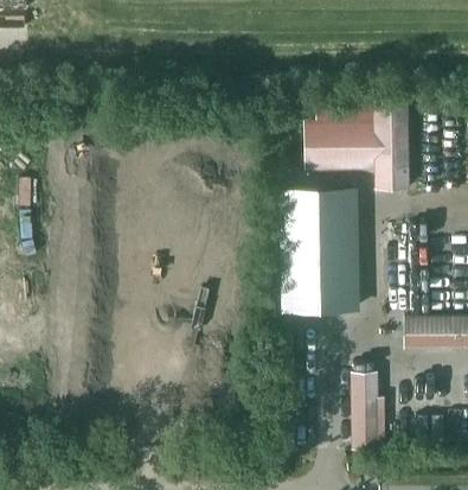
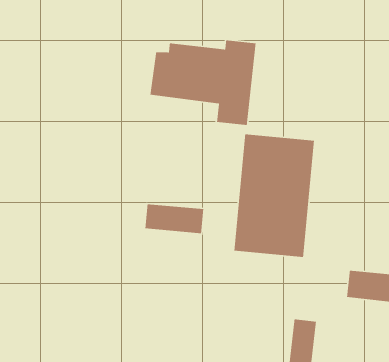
building: [306,102,409,187] -> [149,39,257,126]
building: none -> [144,203,204,234]

